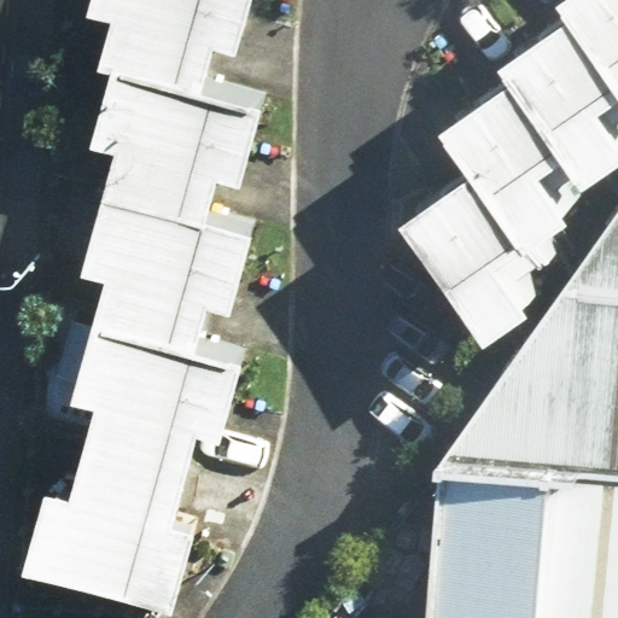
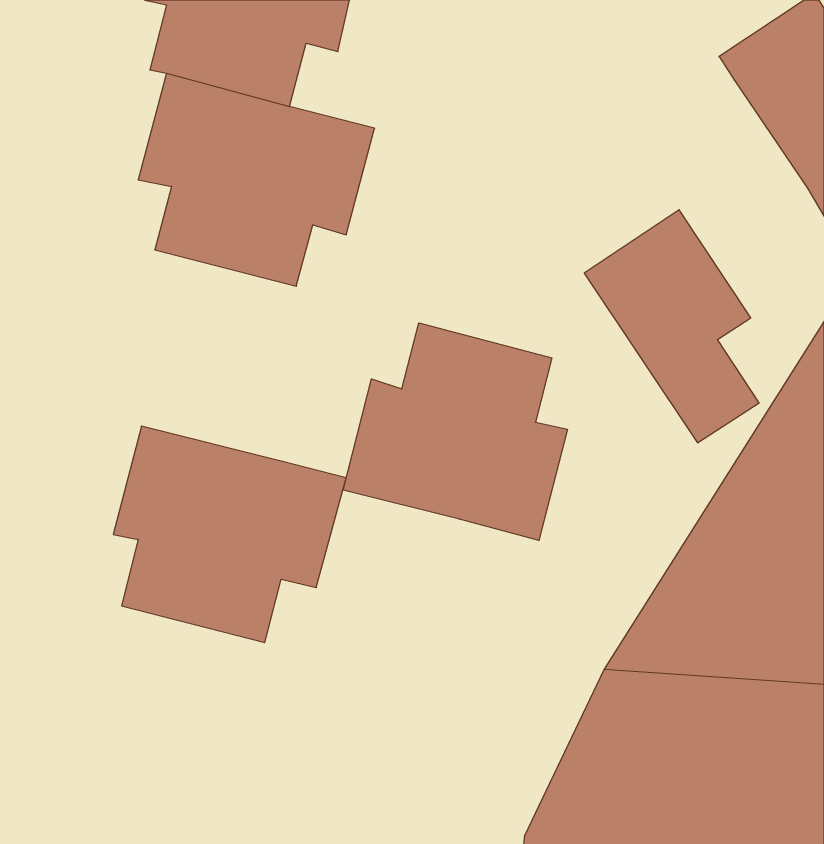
building: [461,63,590,235] -> none
building: [92,186,261,339] -> none
building: none -> [343,323,567,541]
building: [31,444,204,601] -> none

